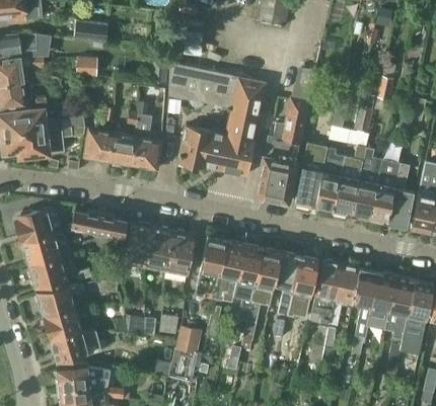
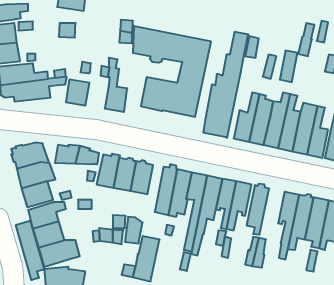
building: [108,134,138,166] -> none
building: [328,265,359,327] -> none
building: none -> [16,221,44,280]

